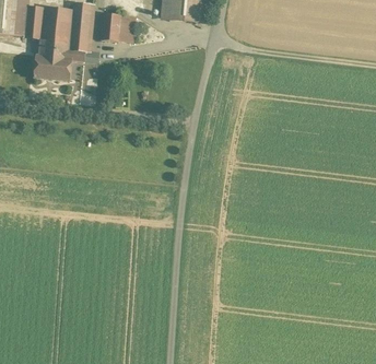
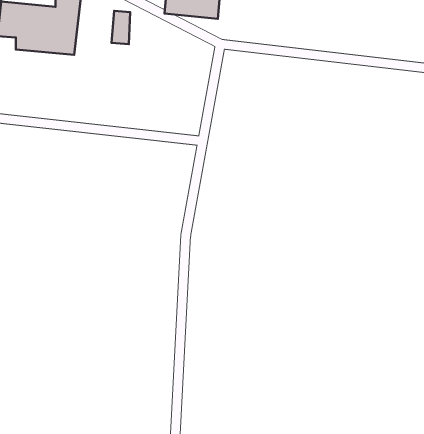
building: [101,13,120,40] -> none
building: [33,46,87,80] -> none

